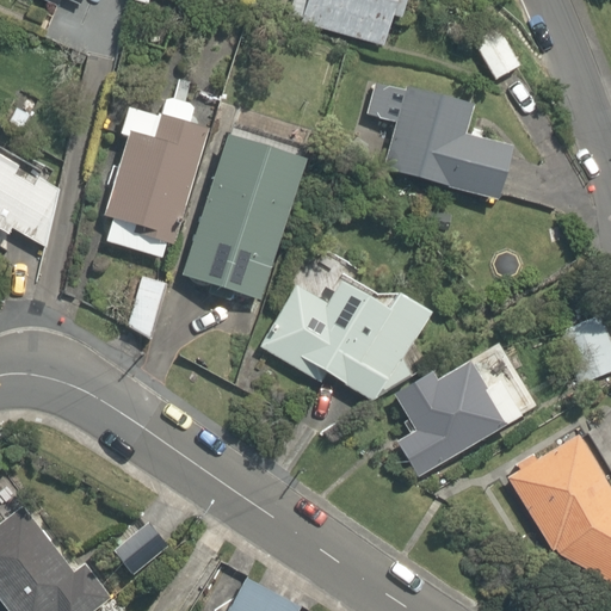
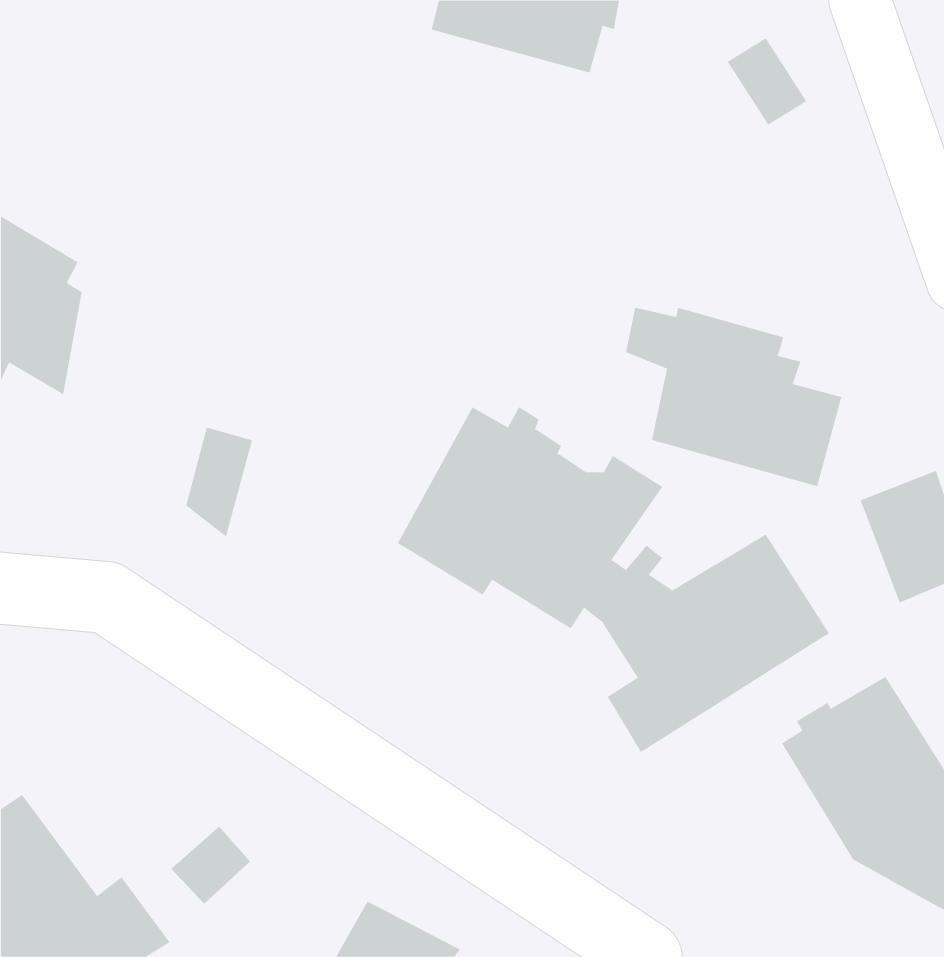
building: [371,86,510,200] -> [625,307,842,487]
building: [104,95,208,259] -> none
building: [181,128,306,302] -> none

